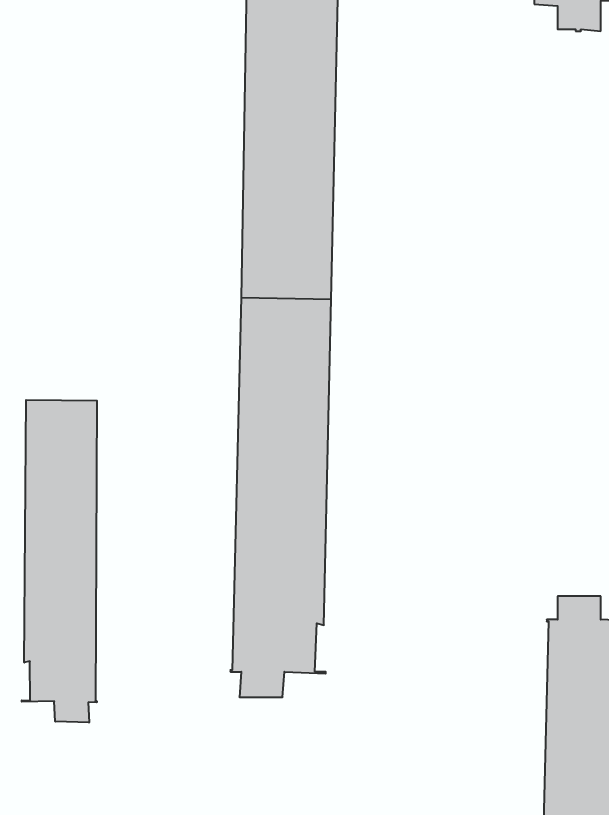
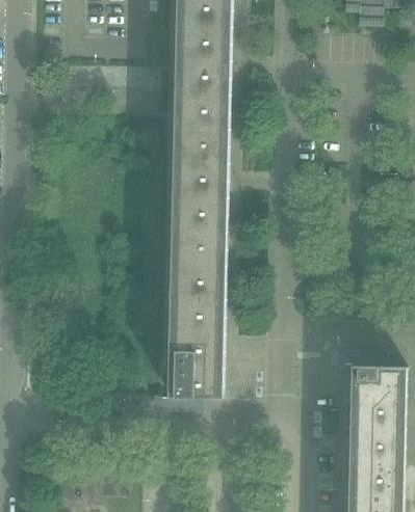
building: [22,400,97,723] -> none

